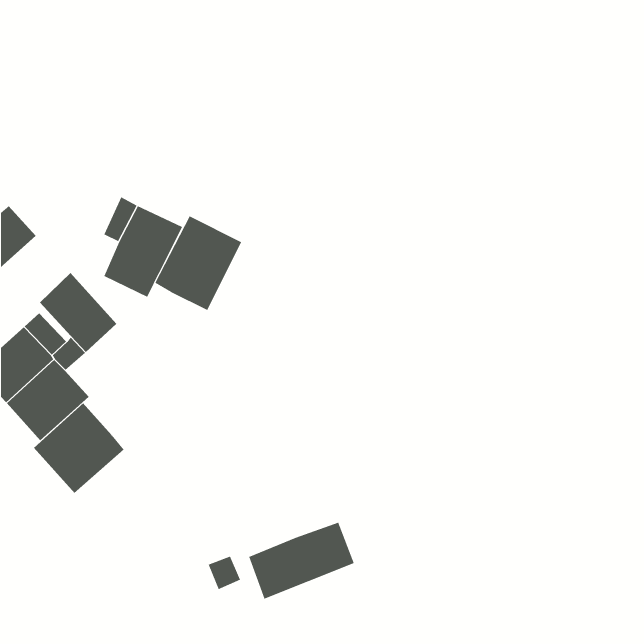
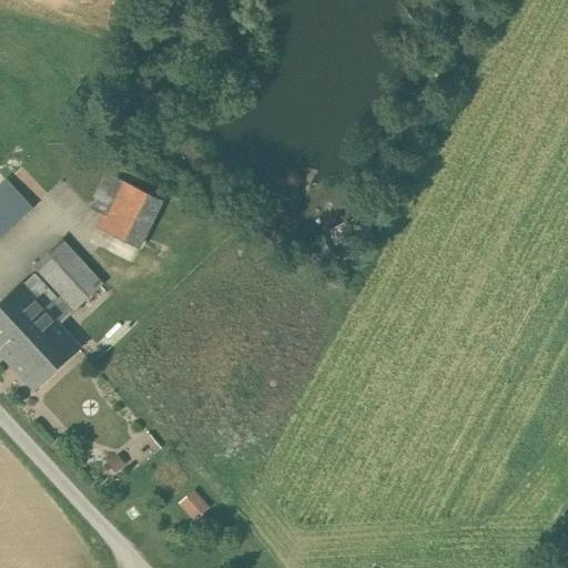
building: [155,215,242,311] -> none
building: [33,403,124,494] -> none
building: [249,522,354,600] -> none

